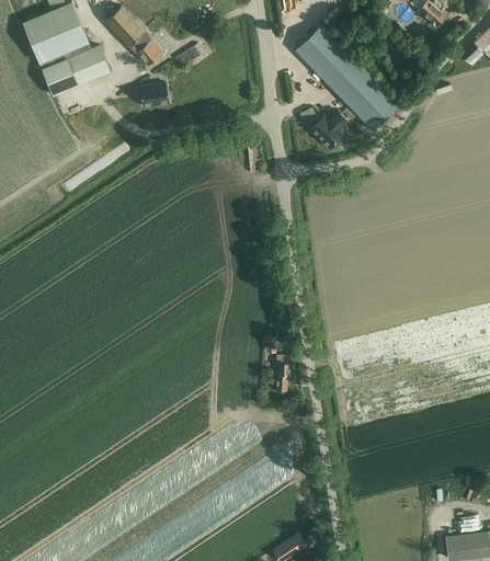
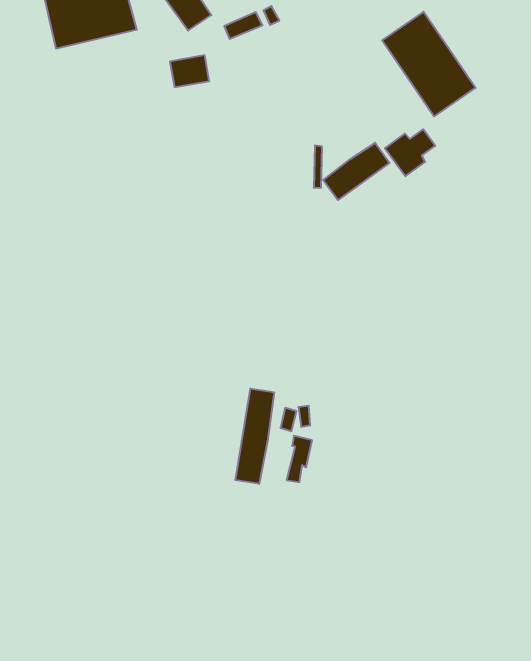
building: [343,75,400,131] -> none
building: none -> [323,143,390,200]
building: none -> [235,388,274,484]

